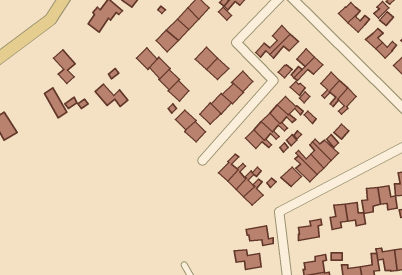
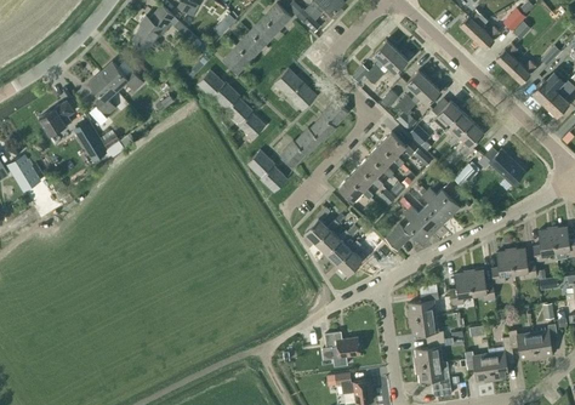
building: none -> [39,101,73,136]
building: [95,84,128,107] -> [101,62,143,91]
building: none -> [479,148,524,184]
building: [246,226,273,245] -> [408,315,443,341]

